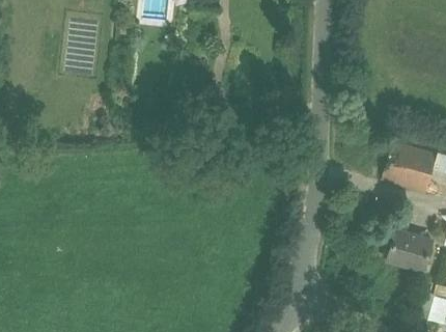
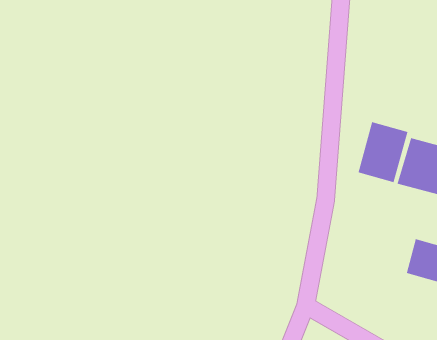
building: none -> [357,121,408,183]

